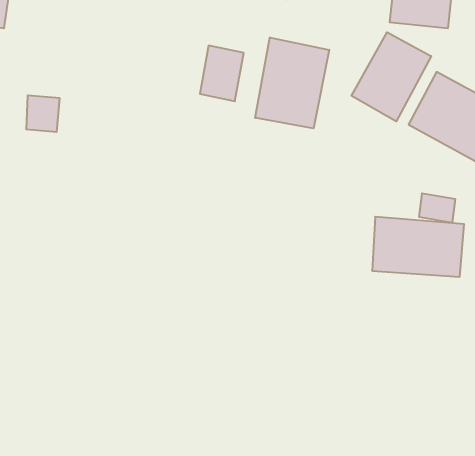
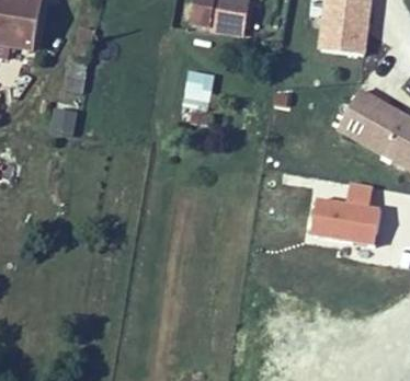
building: [351,32,431,121] -> none
building: [255,37,329,128] -> none

